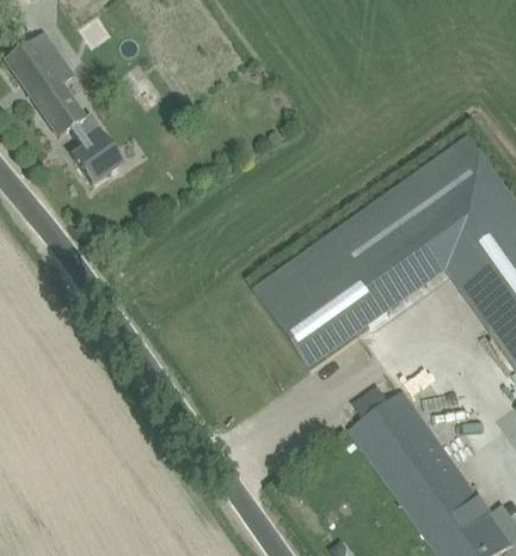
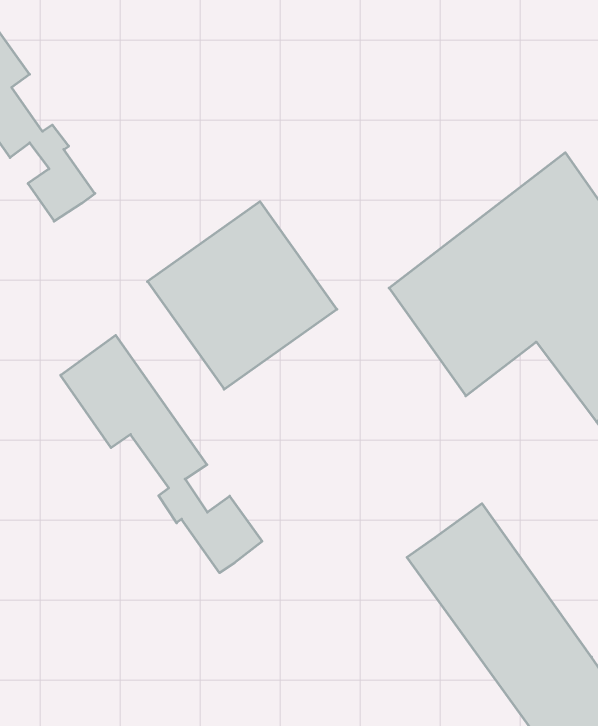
building: [254,232,393,369] -> [147,202,337,389]
building: none -> [61,335,262,573]

